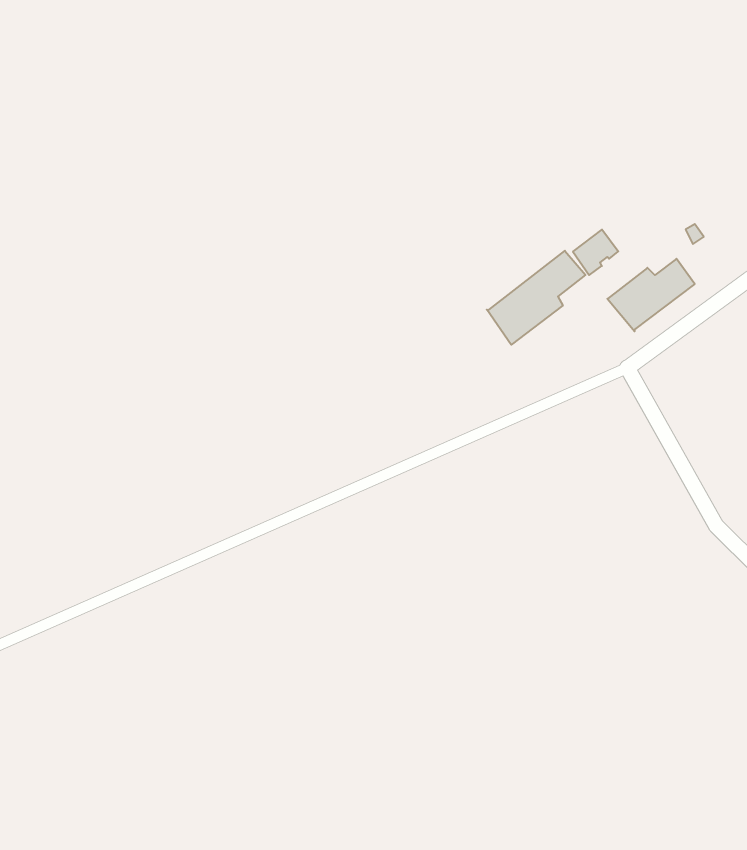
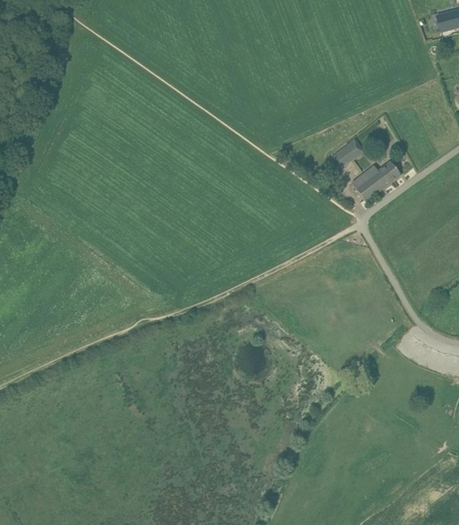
building: [487,251,585,345] -> none

